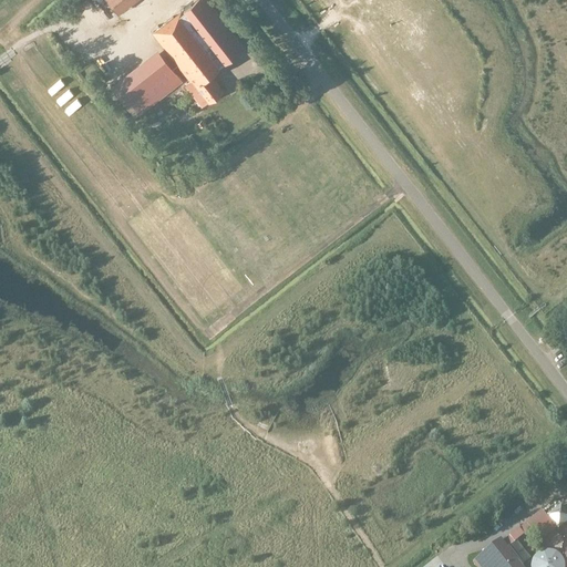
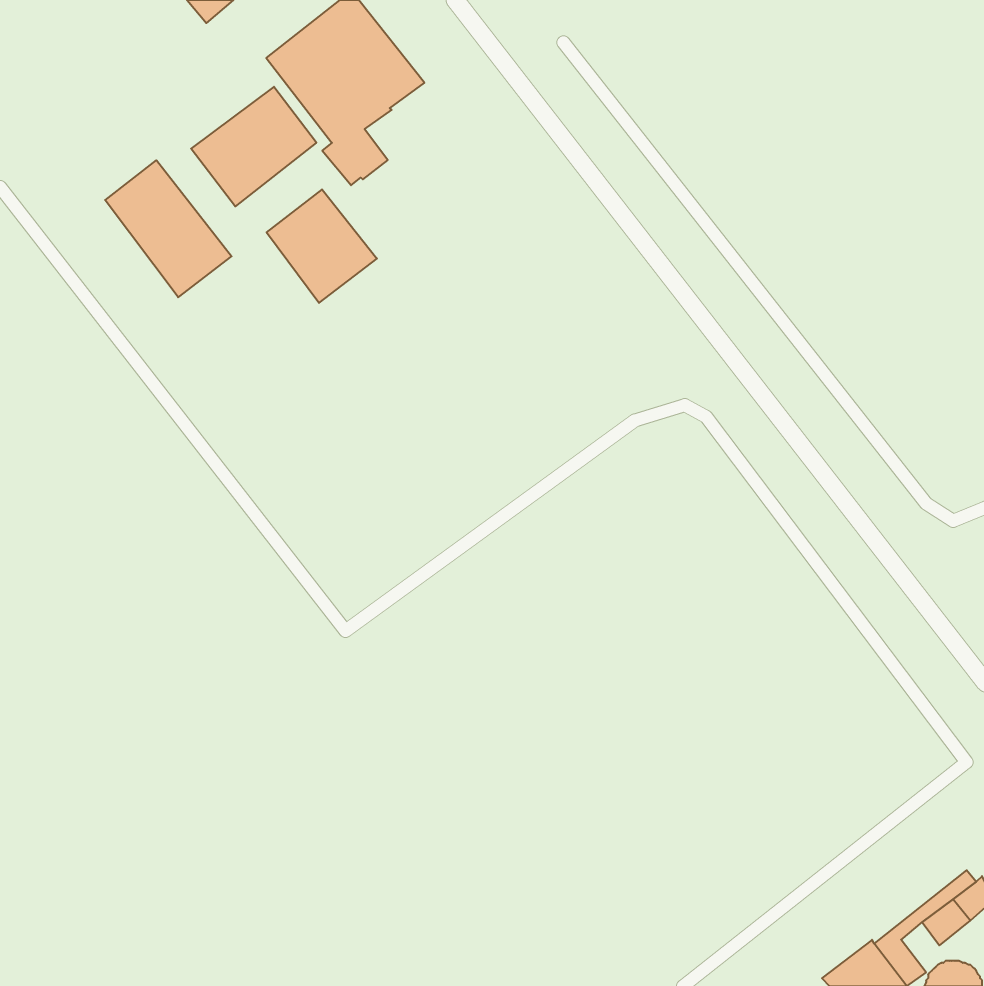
building: none -> [105,160,232,297]
building: none -> [267,189,377,303]

